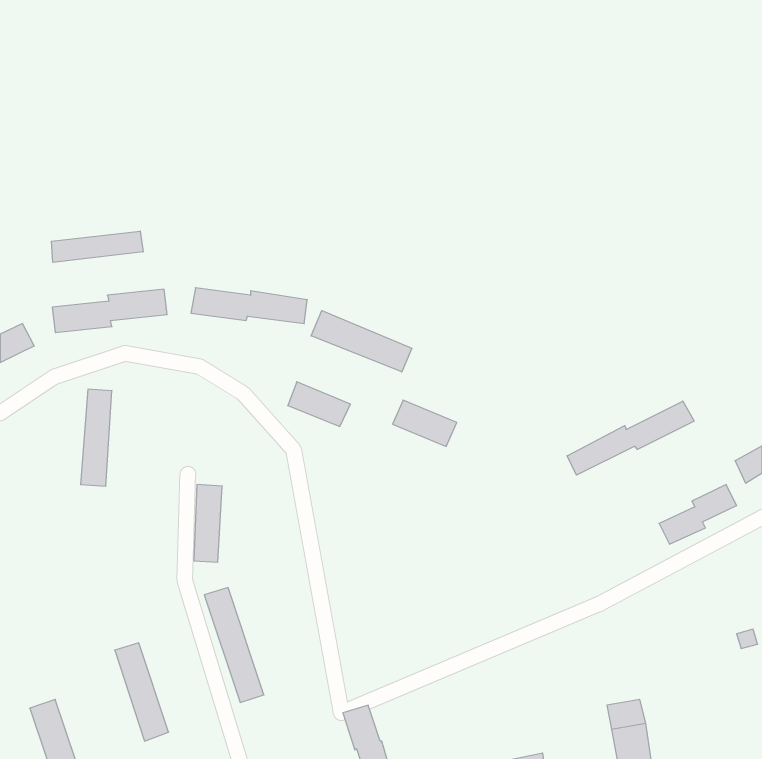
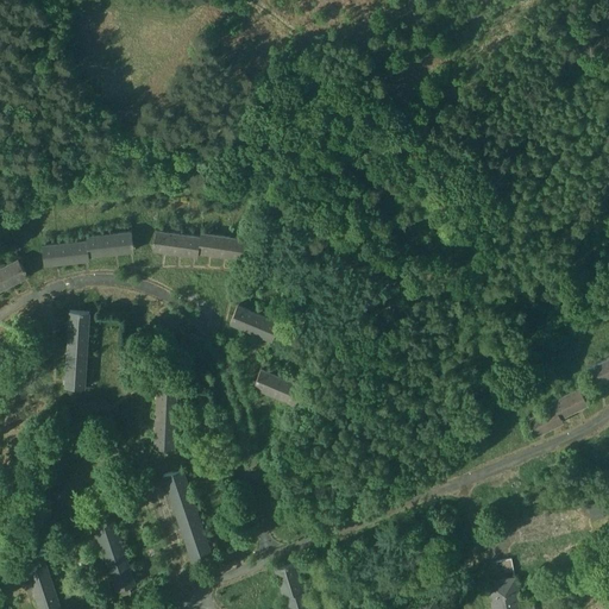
building: [51,231,143,262] -> none
building: [311,311,412,372] -> none
building: [393,400,457,446] -> [252,370,303,407]
building: [567,401,694,475] -> none

